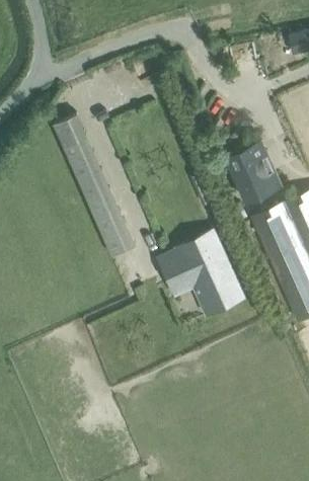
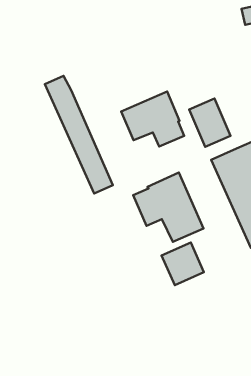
building: none -> [121,92,184,147]
building: none -> [162,242,204,285]

